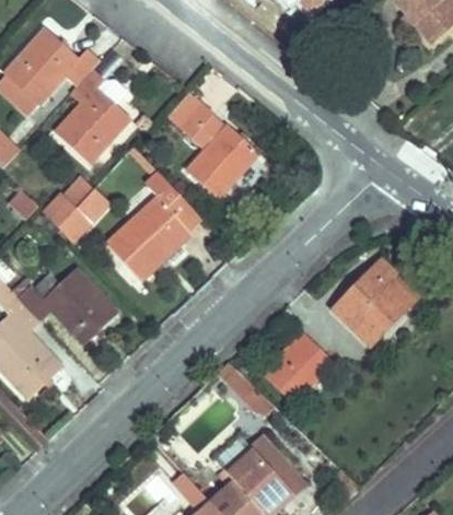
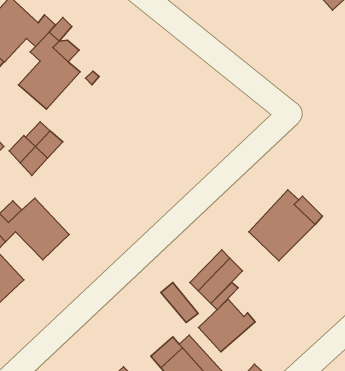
building: [169,93,259,199] -> none
building: [105,173,199,283] -> none
building: none -> [198,299,255,352]

